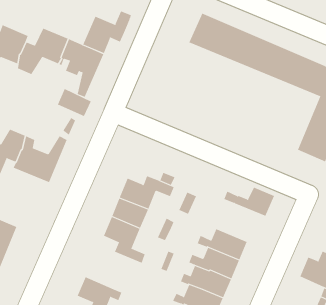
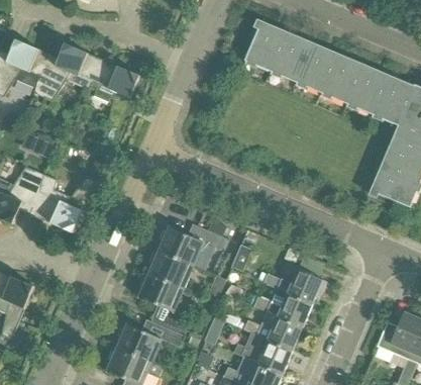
building: [83,10,132,54] -> none
building: [57,88,91,117] -> none
building: [223,187,275,217] -> [262,267,325,303]
building: none -> [116,318,184,361]

